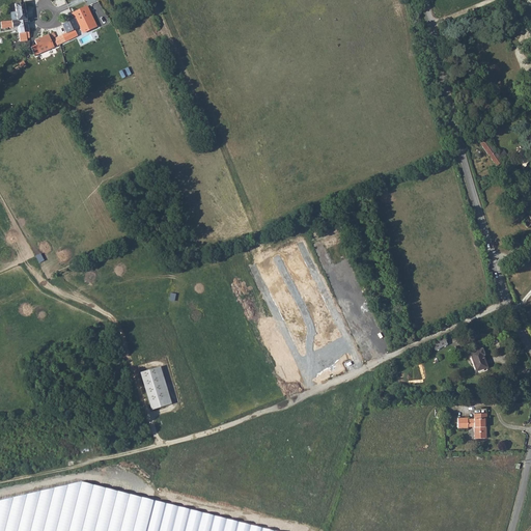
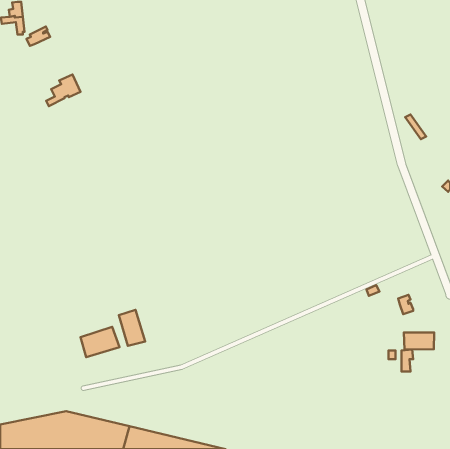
building: [56,6,96,44] -> [46,74,80,106]
building: none -> [80,327,119,357]
building: none -> [404,333,434,350]

